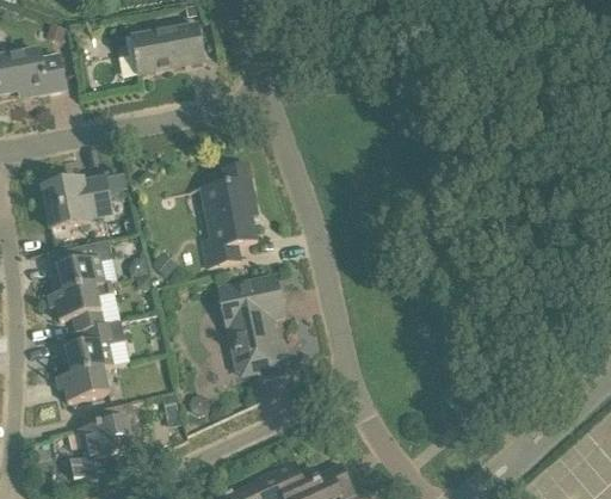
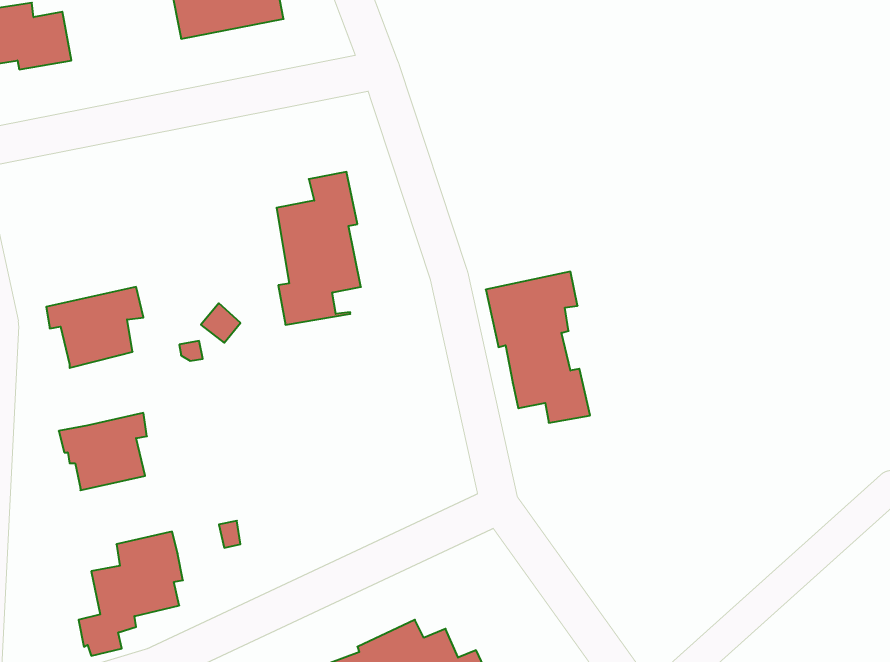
building: [43,177,111,227] -> none
building: [218,276,288,376] -> [486,272,590,423]
building: [47,281,113,331] -> none
building: [56,366,109,401] -> none

